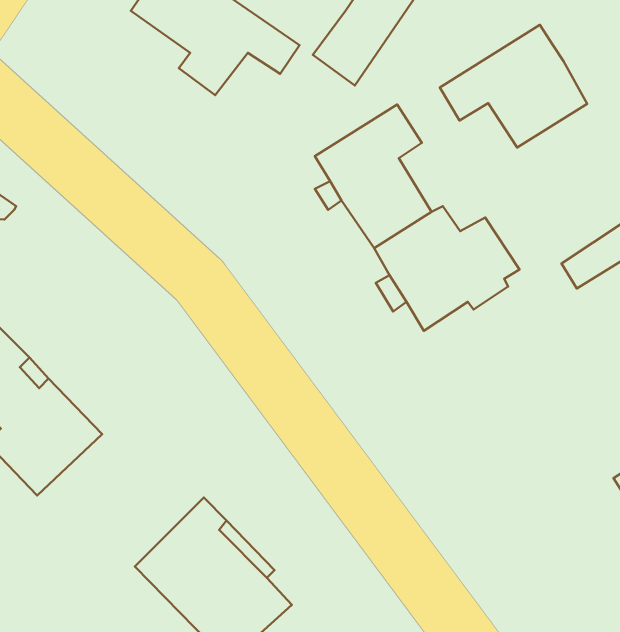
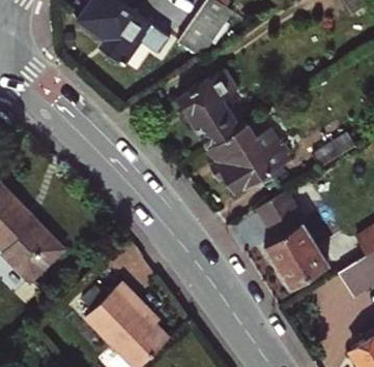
building: [440,25,587,147] -> none
building: none -> [260,193,329,287]

